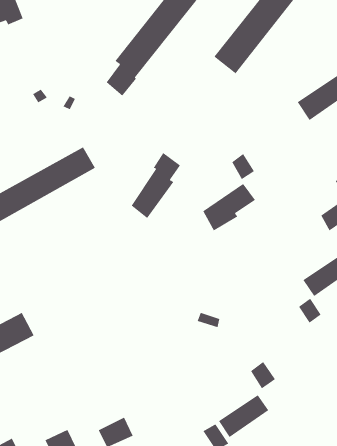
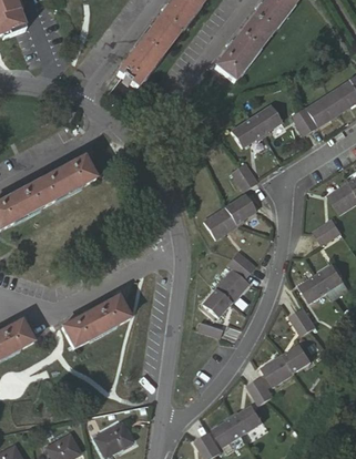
building: none -> [231,100,287,146]
building: [131,152,181,219] -> [205,248,255,315]
building: none -> [64,297,134,350]
building: none -> [263,335,316,379]

